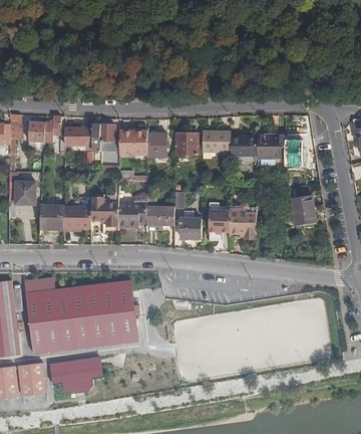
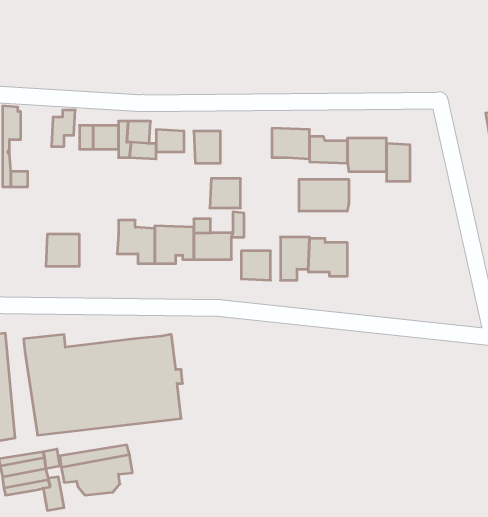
building: [27,122,44,150] -> none
building: [175,132,198,153] -> [210,179,241,208]
building: none -> [299,179,349,211]
building: [14,182,33,204] -> none
building: [291,197,314,225] -> none
building: [63,206,91,230] -> none

